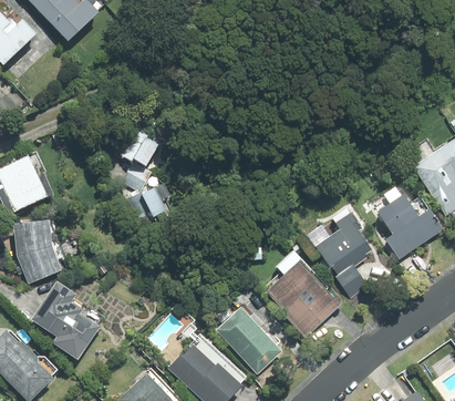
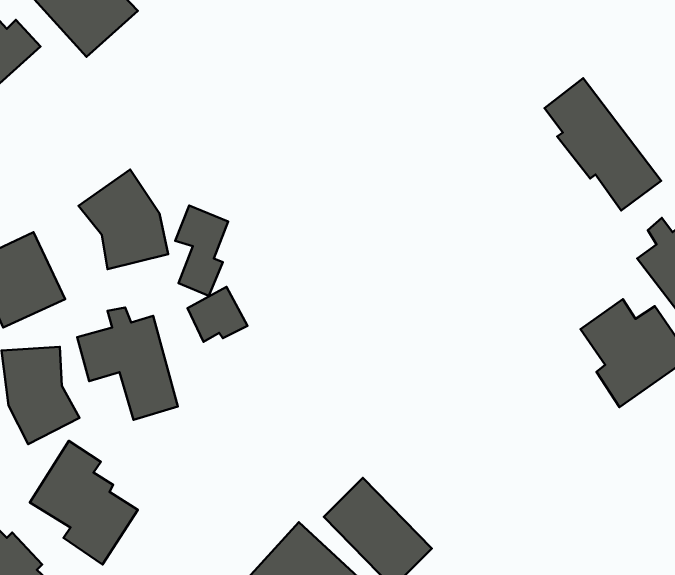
building: none -> [545,78,661,210]
building: none -> [78,169,168,269]
building: none -> [77,307,178,420]
building: [308,212,373,299] -> none
building: [266,249,340,338] -> none

